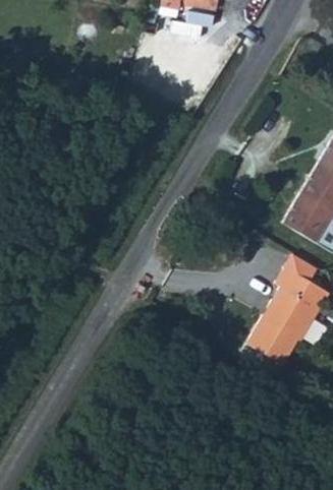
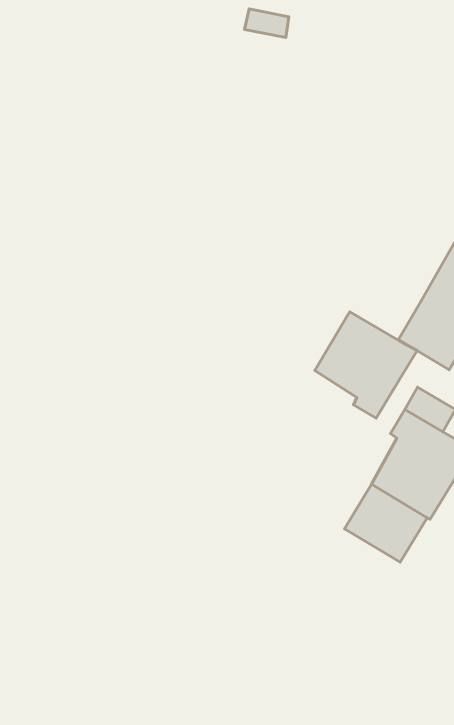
building: none -> [315,312,417,418]

